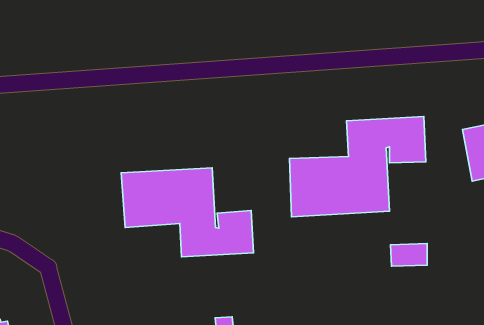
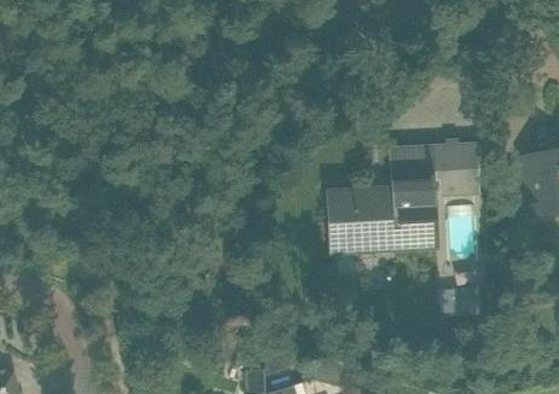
building: [121,168,254,257] -> none

